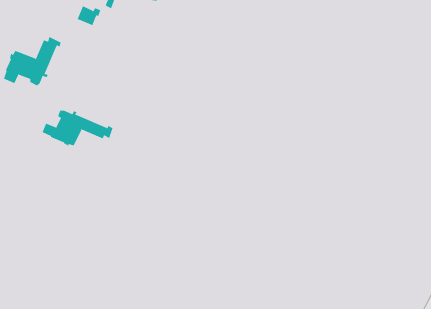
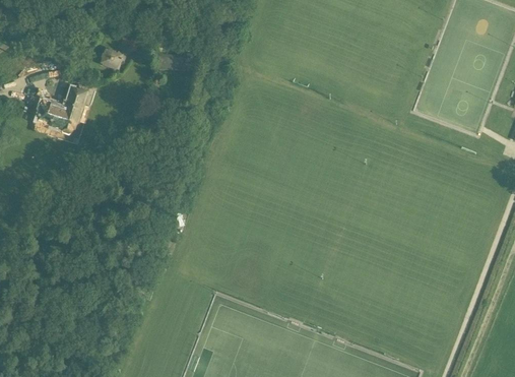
building: [42,110,113,147] -> none

